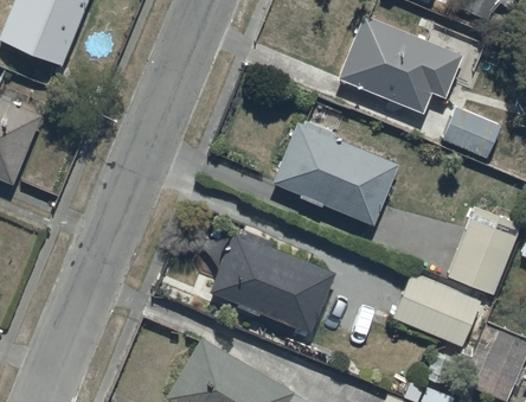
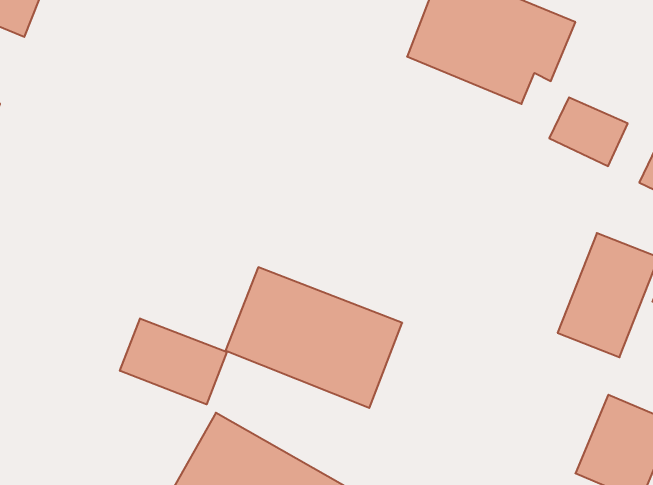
building: [272,123,398,225] -> none
building: none -> [120,318,227,404]
building: [392,277,480,347] -> none

